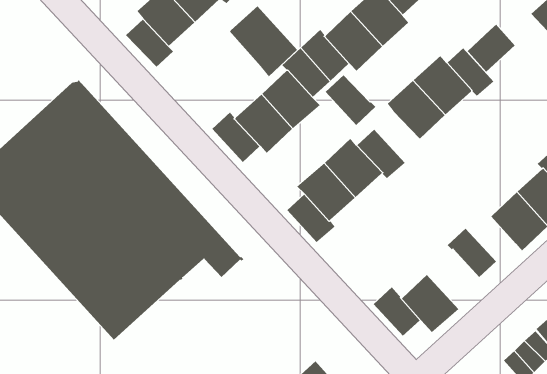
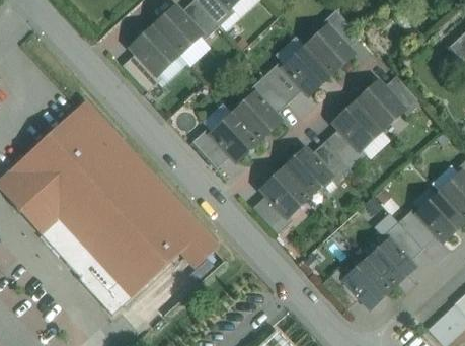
building: [229,6,298,77] -> none
building: [467,24,515,73] -> none
building: [325,74,376,126] -> [324,126,366,167]
building: none -> [398,205,439,248]
building: none -> [367,237,414,286]

